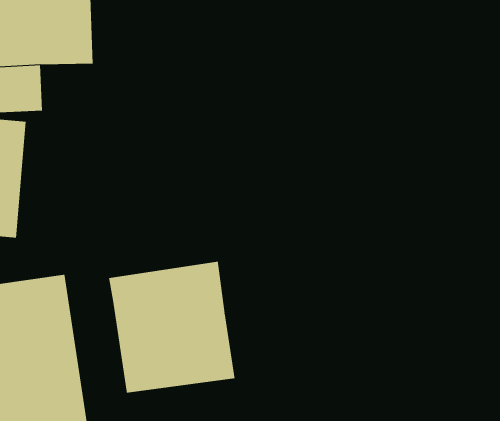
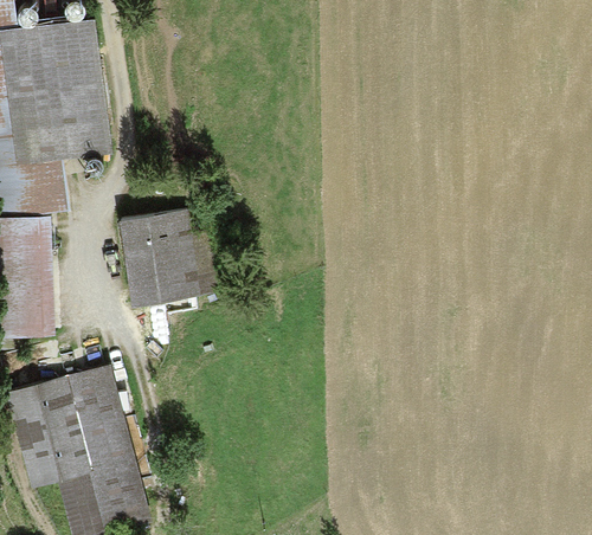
building: none -> [120,208,221,304]
building: [109,261,235,394] -> none

